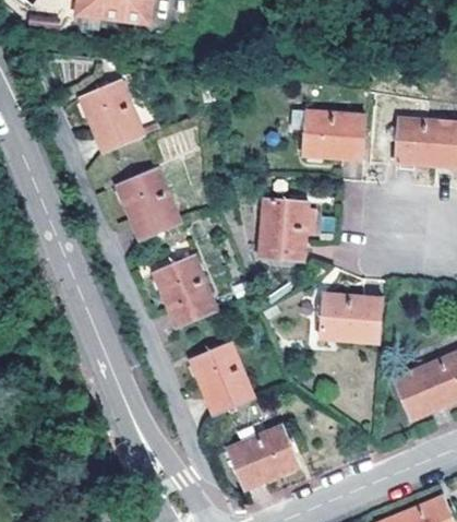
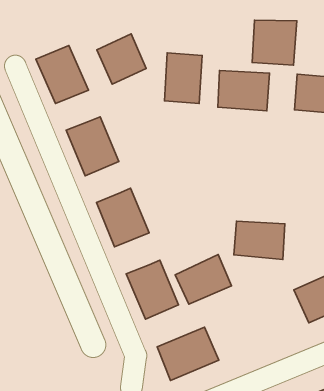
building: none -> [252,20,297,65]
building: none -> [97,34,146,84]
building: [261,198,306,260] -> [165,53,202,104]
building: none -> [175,254,232,304]

